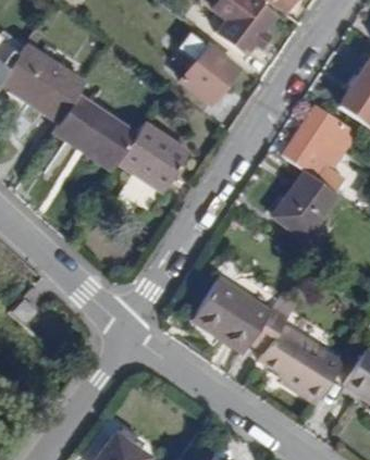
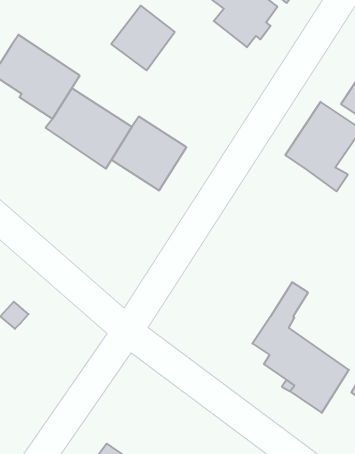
building: [178,42,239,104] -> [111,6,175,70]
building: [271,172,336,240] -> none
building: [190,279,269,353] -> none

